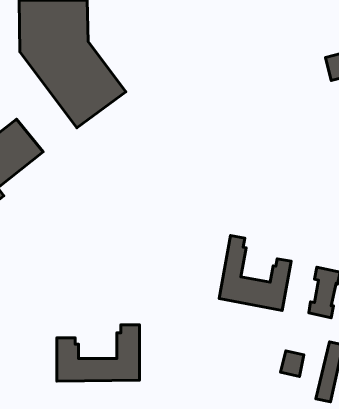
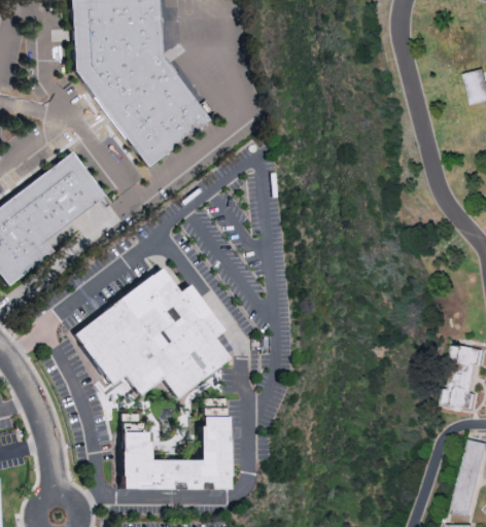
building: none -> [73,268,229,399]
building: [219,236,291,311] -> none
building: [280,351,304,376] -> none

